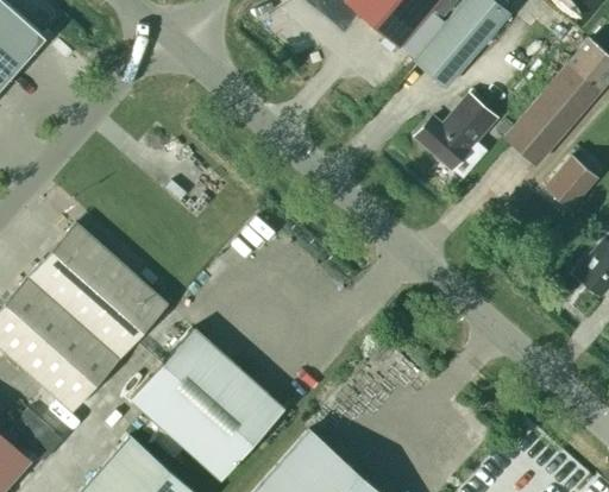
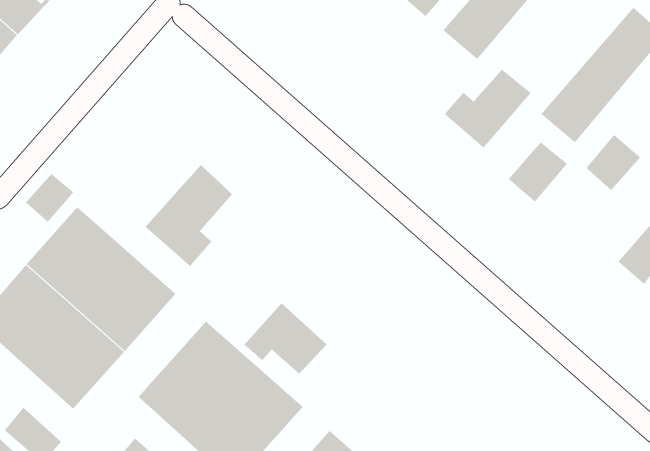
building: none -> [508,141,568,203]
building: none -> [145,164,233,267]
building: none -> [25,173,74,223]
building: none -> [243,303,327,375]

